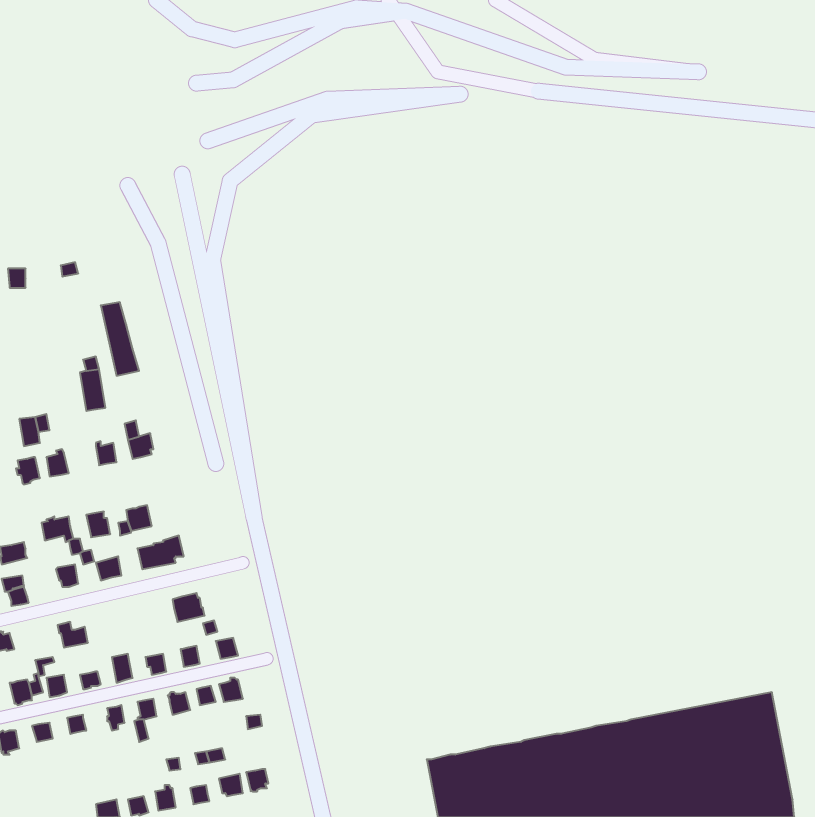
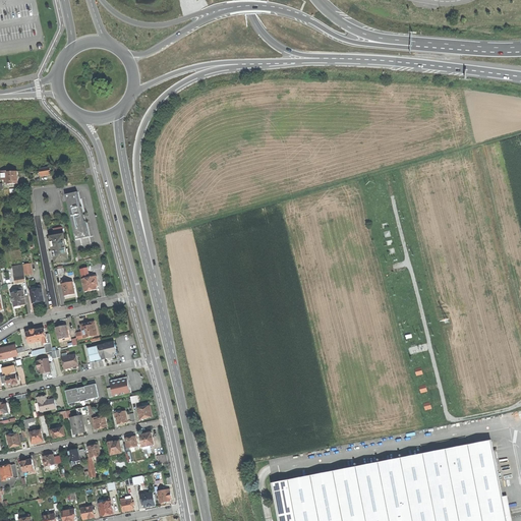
building: none -> [65,384,99,404]

